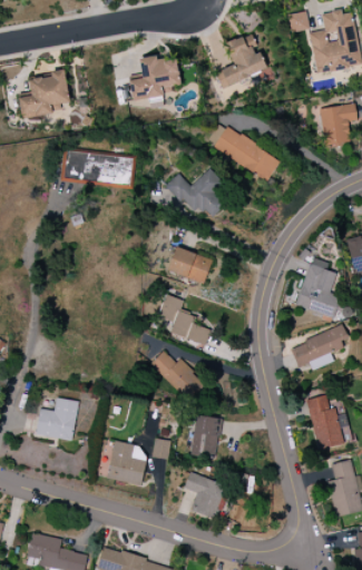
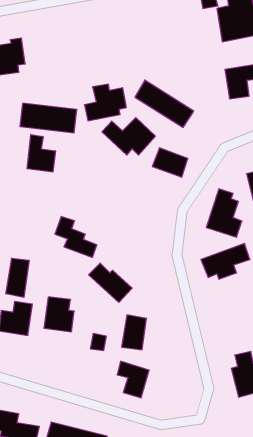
building: [215,33,266,87] -> none
building: [128,55,180,100] -> [84,84,126,121]
building: none -> [27,134,55,172]
building: [167,246,212,283] -> [152,148,188,177]
building: [157,294,209,345] -> [55,216,97,257]
building: none -> [6,258,29,297]
building: [305,394,343,450] -> none
building: [107,441,145,484] -> [44,297,74,332]

